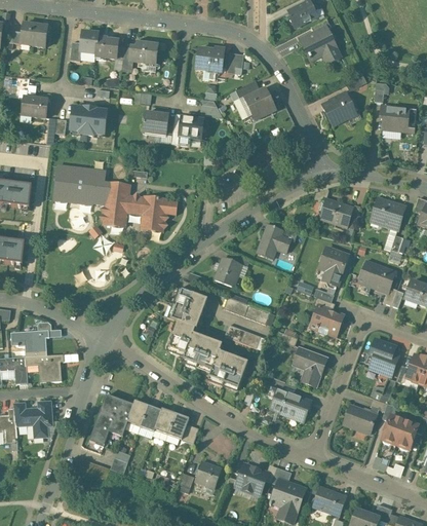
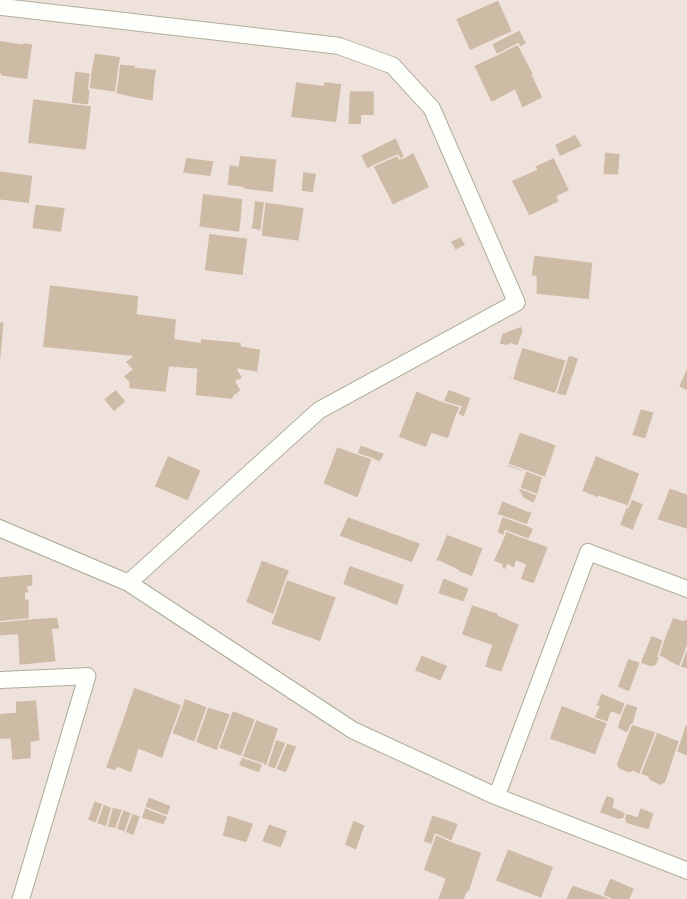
building: [129,43,158,65] -> [227,155,277,193]
building: [71,106,108,136] -> [27,99,92,151]
building: [380,106,416,132] -> [530,255,593,300]
building: none -> [204,233,248,276]
building: [371,198,405,229] -> none
building: none -> [153,453,202,502]
building: [170,290,207,328] -> none
building: none -> [435,534,484,577]
building: [370,348,398,376] -> none
building: [209,351,247,387] -> none
building: [279,392,311,421] -> none
building: [195,461,222,488] -> none
building: [237,464,268,491] -> none

